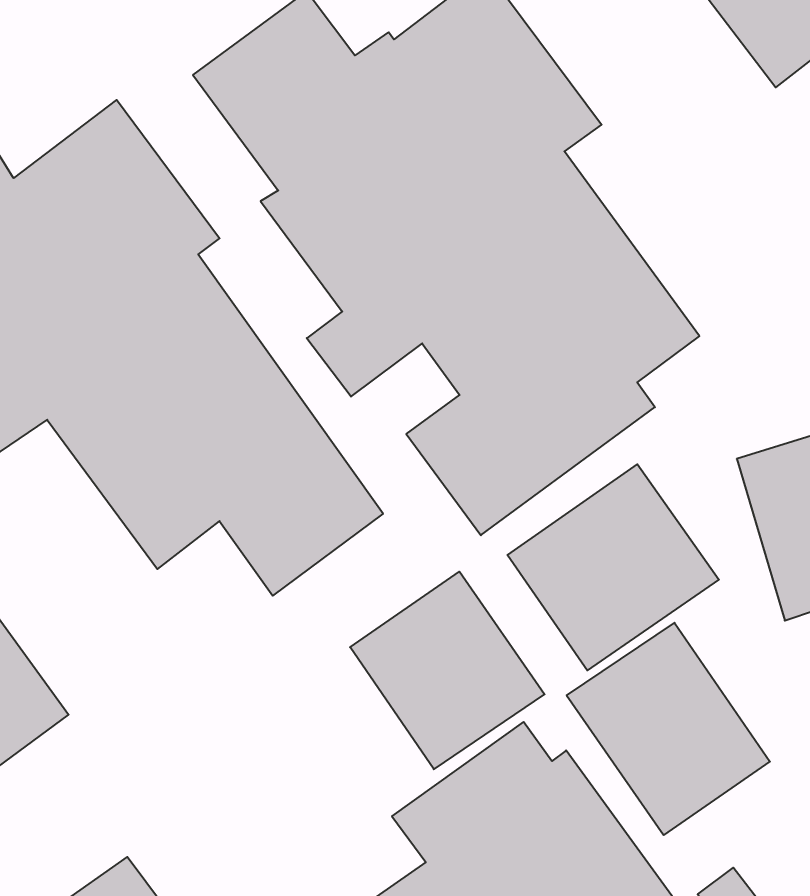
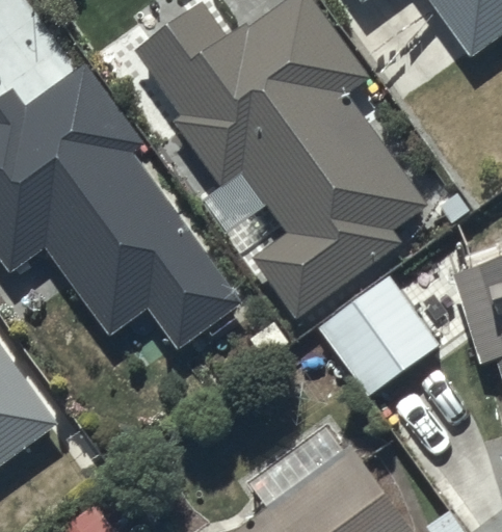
building: [350,572,545,769] -> none
building: [567,623,770,835] -> none

